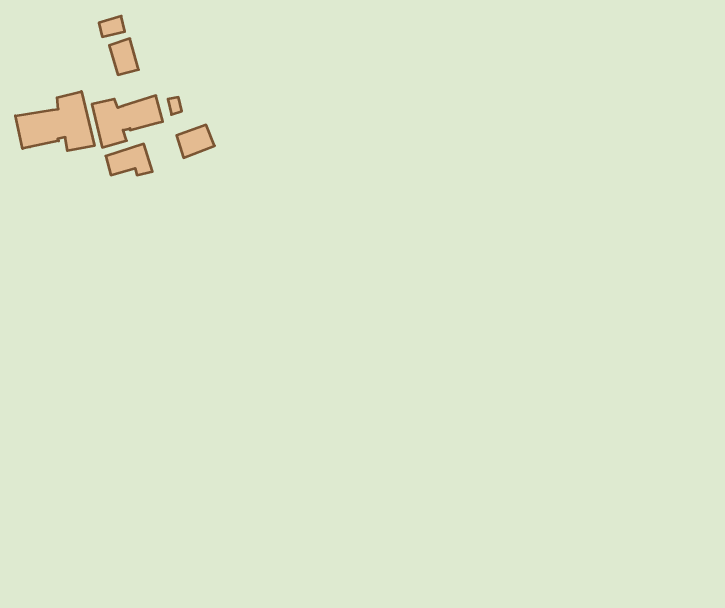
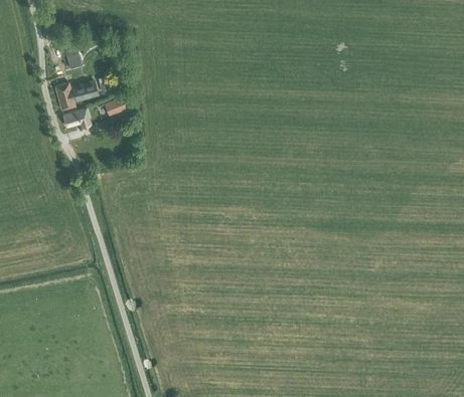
building: [15,91,94,151] -> none

